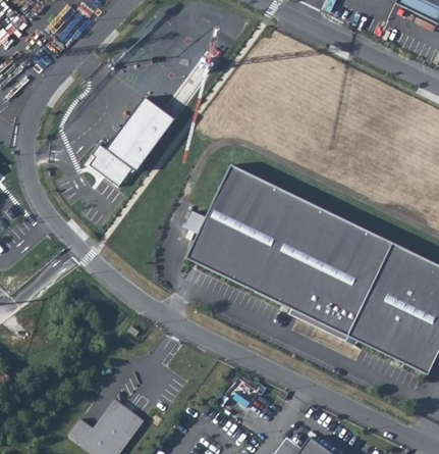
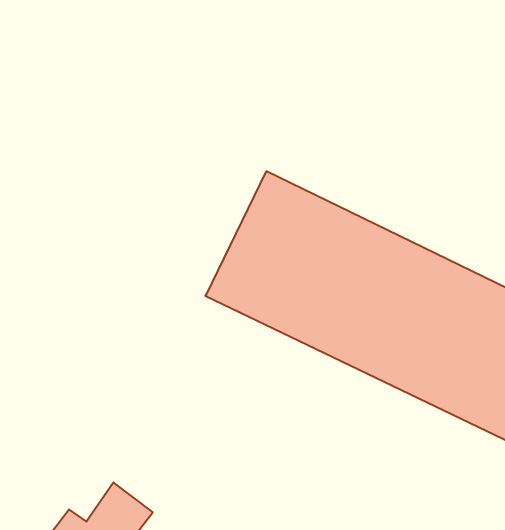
building: [90,97,171,189] -> none

